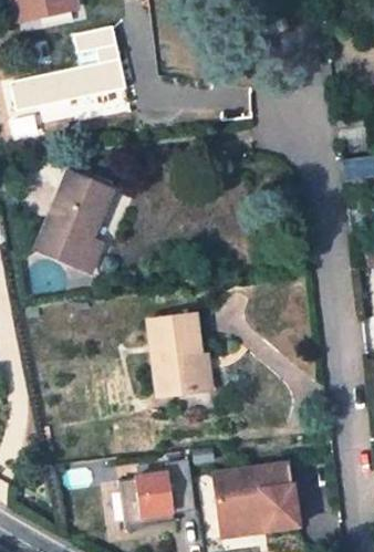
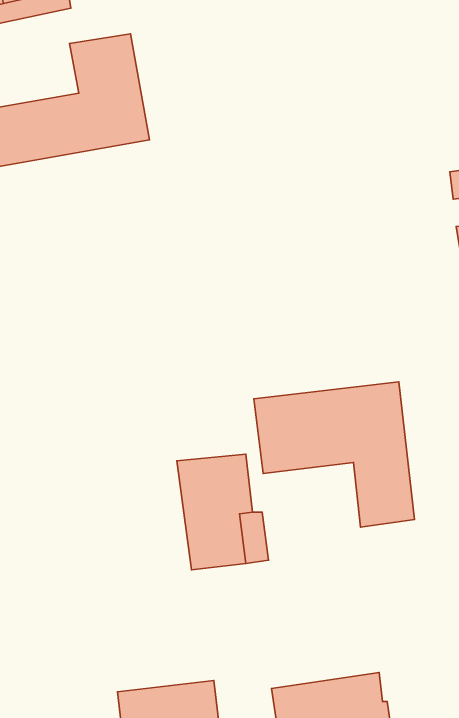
building: [35,173,110,270] -> none
building: none -> [254,382,415,527]

